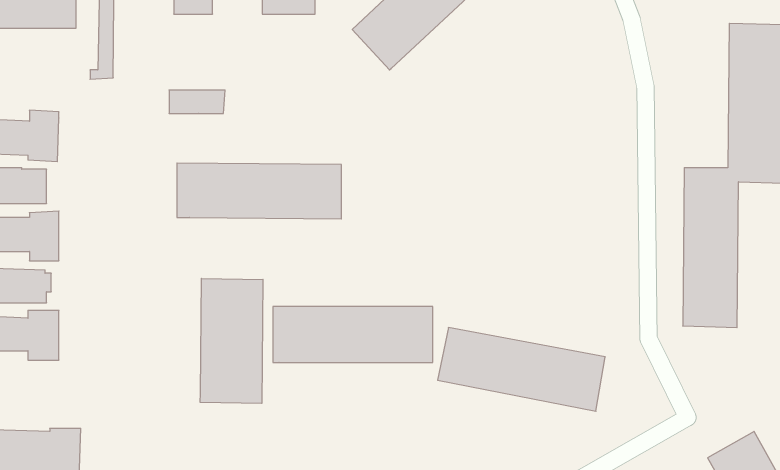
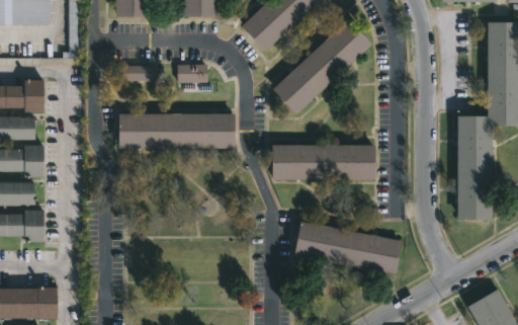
building: none -> [268,18,368,114]
building: none -> [174,65,206,83]
building: [200,278,263,403] -> none
building: [273,307,433,362] -> [271,147,375,183]

